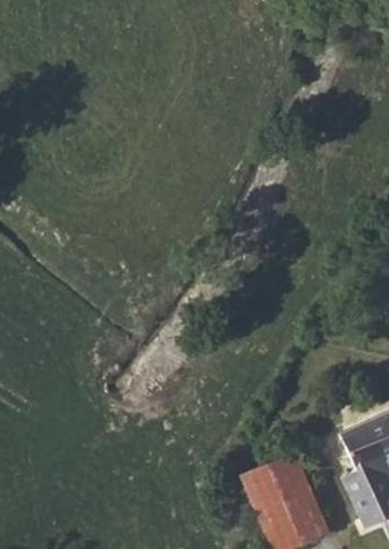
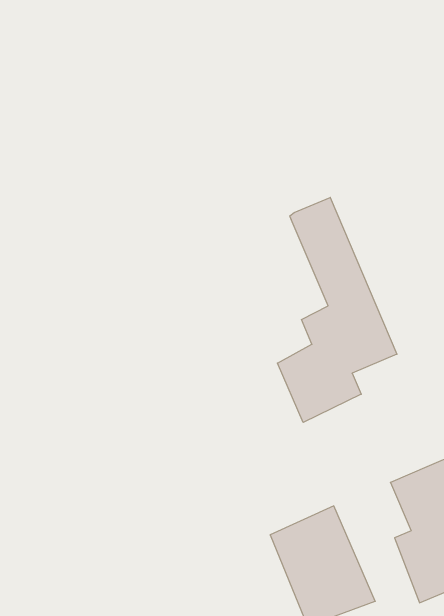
building: none -> [277,197,397,422]

